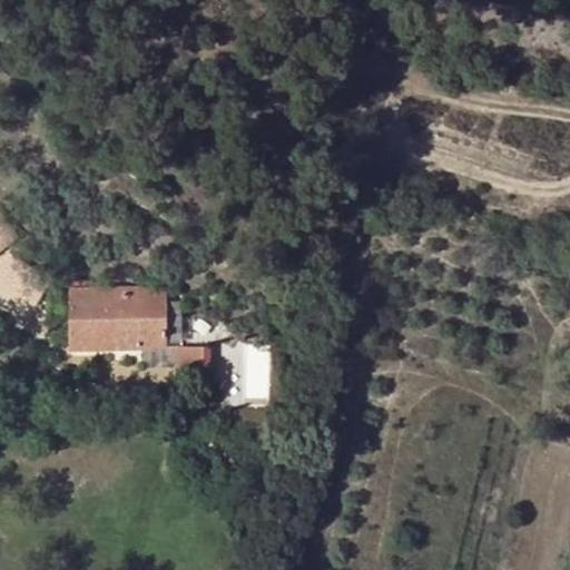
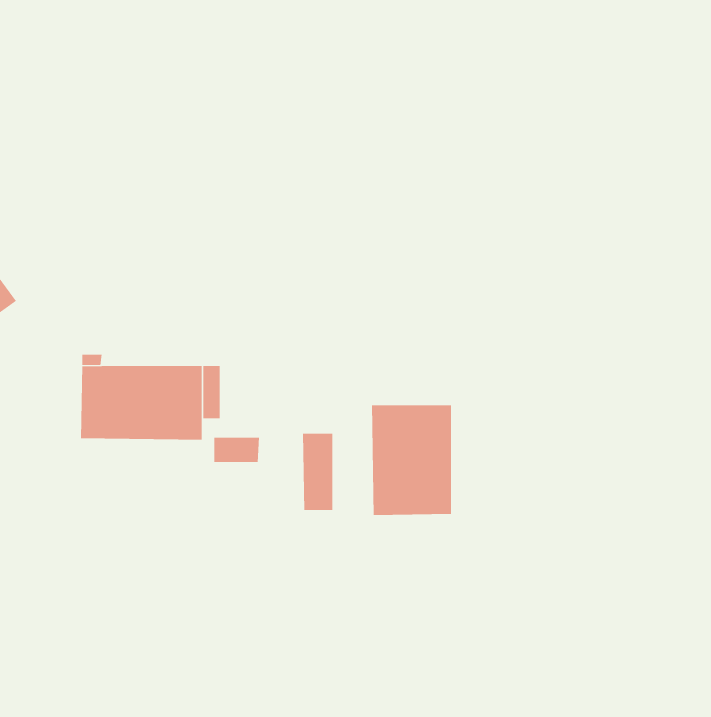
building: none -> [372,405,452,516]

